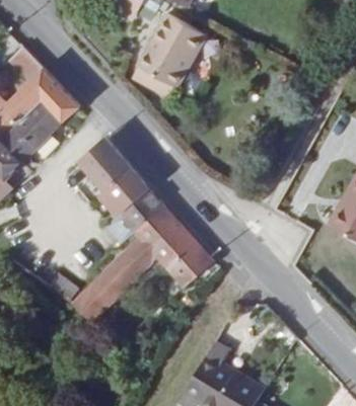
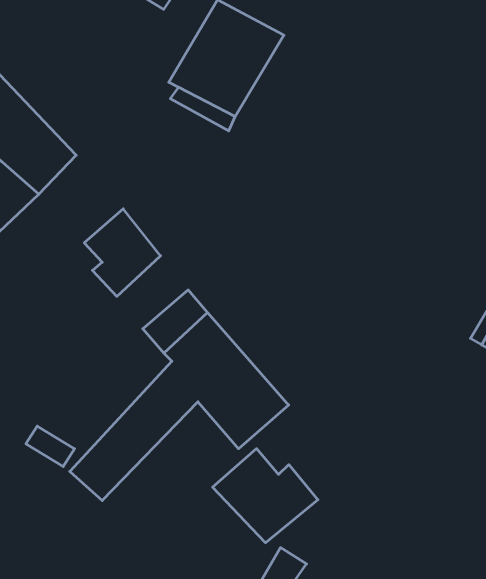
building: [104,168,149,214] -> none
building: none -> [213,449,318,543]

